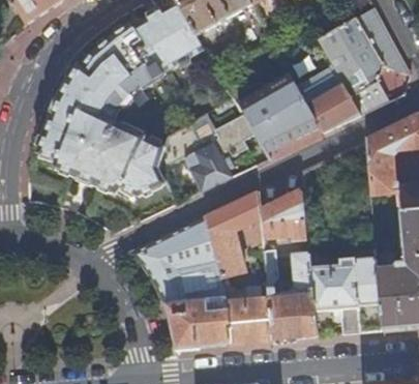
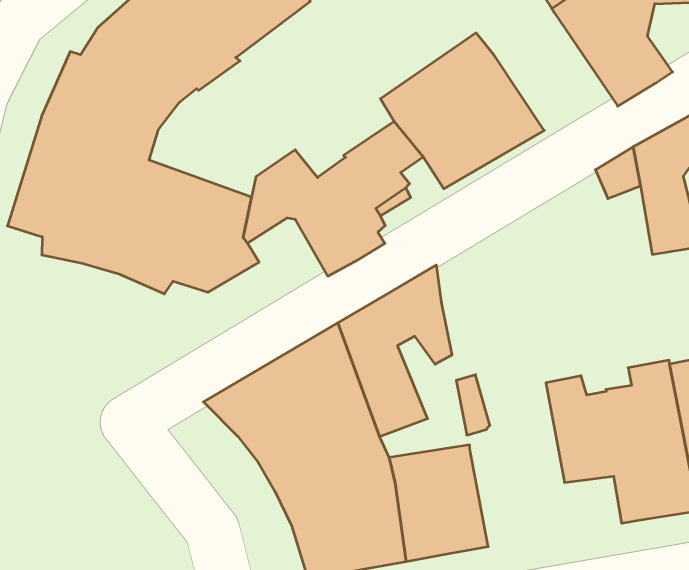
building: [298,63,360,131] -> none
building: [260,188,308,238] -> none
building: [268,252,318,338] -> none

